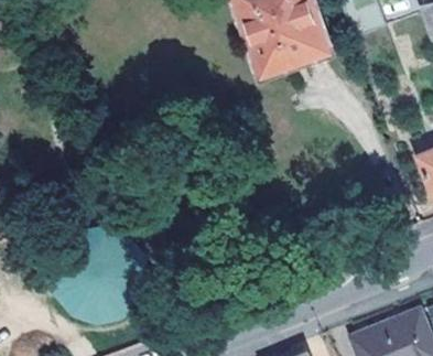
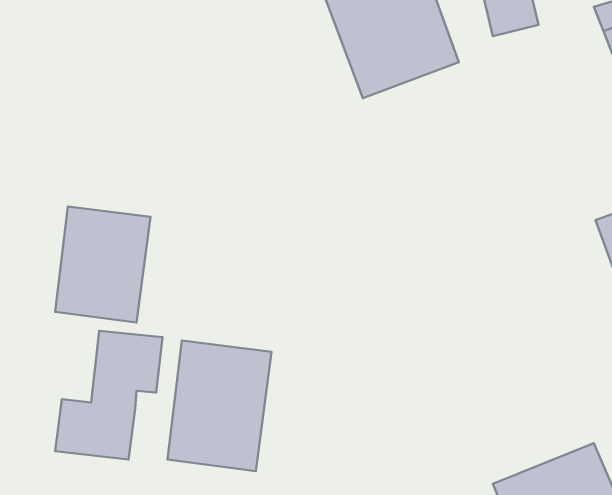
building: none -> [55,206,150,322]
building: none -> [167,341,272,471]

